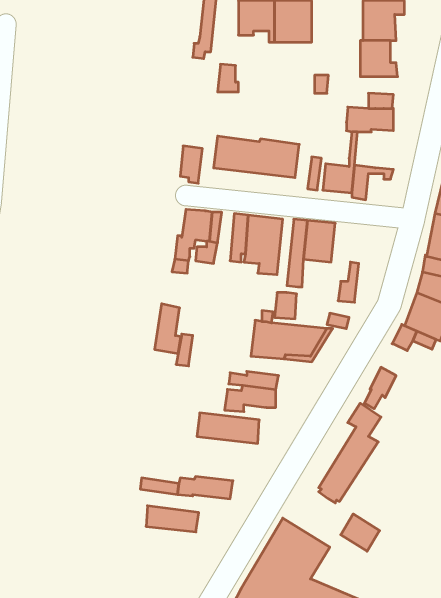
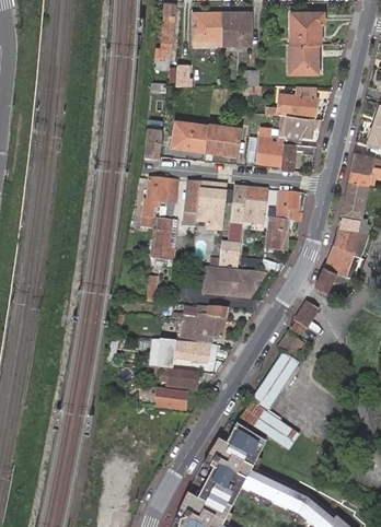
building: none -> [284,117,320,145]
building: none -> [278,190,299,222]
building: [155,304,181,354] -> [152,222,173,261]
building: none -> [243,400,282,435]
building: [146,506,199,532] -> [158,367,199,388]

